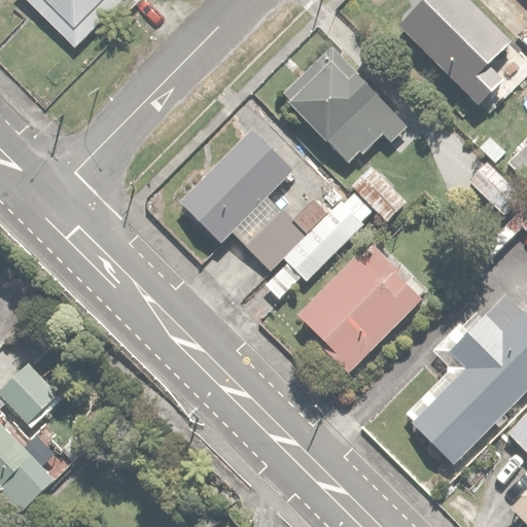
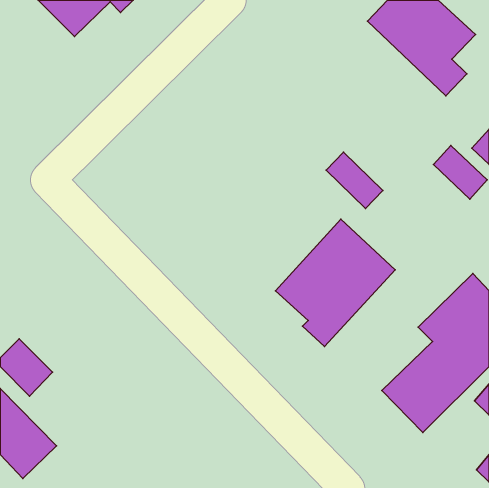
building: [285,45,406,159] -> none
building: [179,129,378,302] -> none

